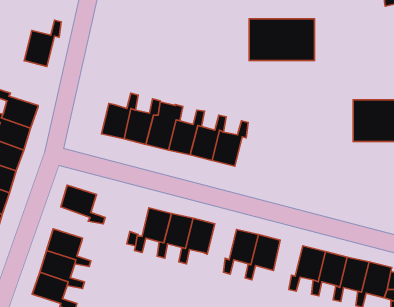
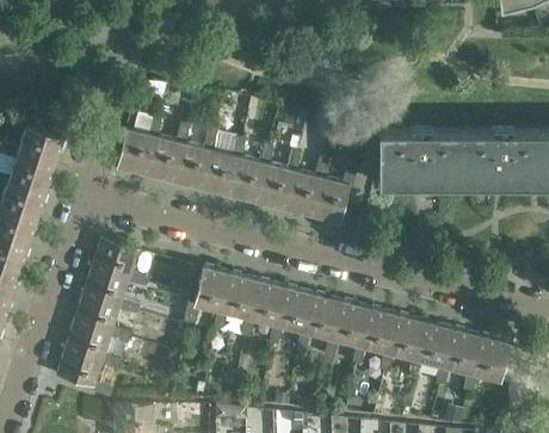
building: [249,19,315,60] -> [378,131,461,184]
building: [24,20,61,67] -> [115,116,161,174]
building: none -> [311,165,357,222]
building: none -> [82,266,138,315]
building: none -> [269,287,314,344]
building: none -> [352,308,397,365]

